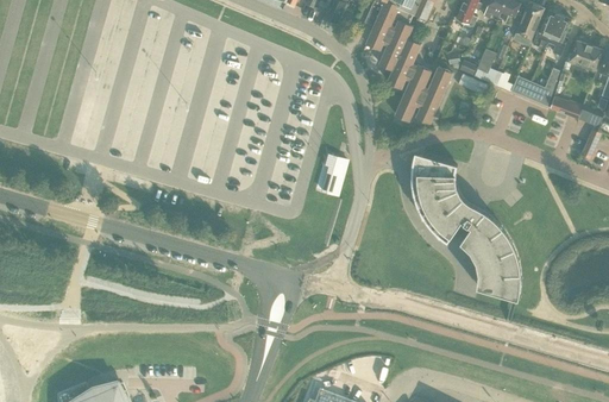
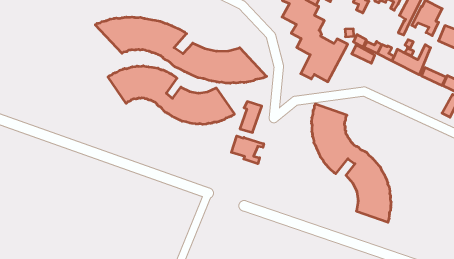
building: none -> [95,17,267,83]
building: none -> [108,66,234,124]
building: none -> [231,136,264,164]

